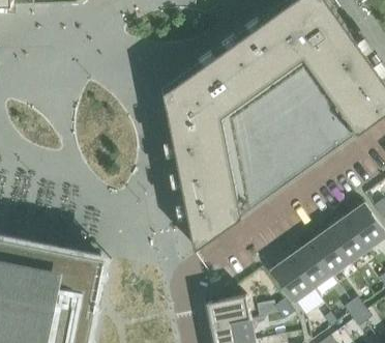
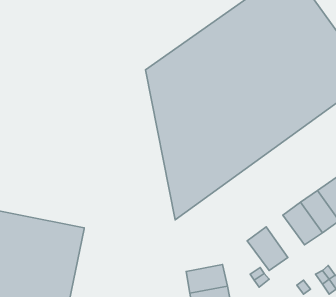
building: [290,246,330,290] -> none

